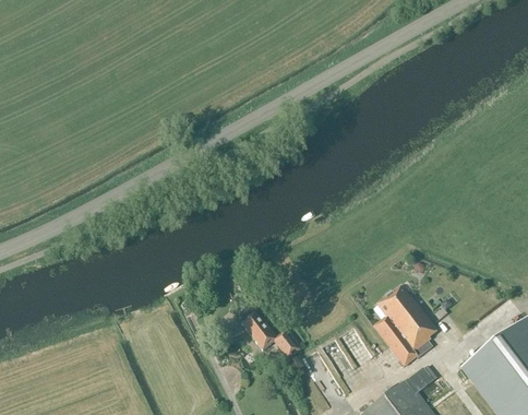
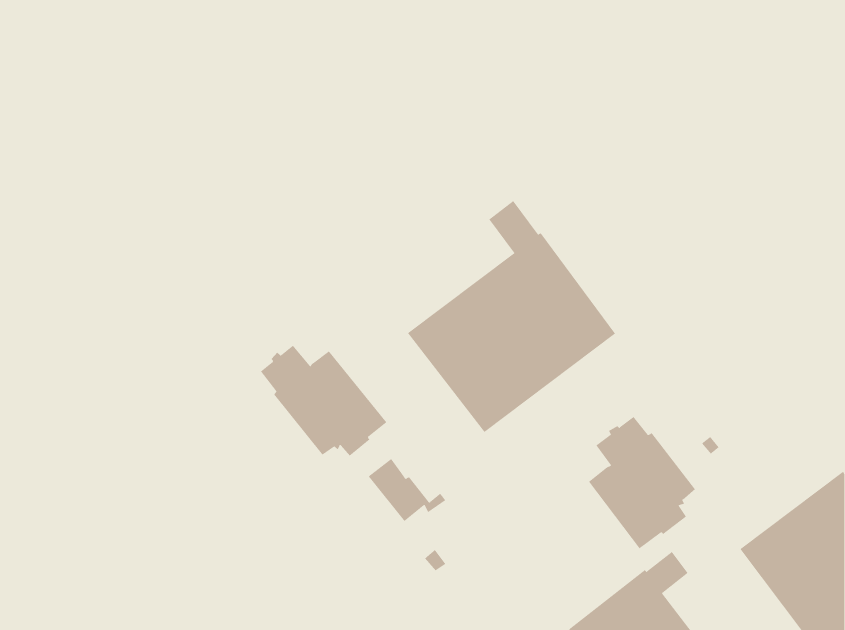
building: none -> [407,200,616,433]
building: none -> [260,345,387,456]

